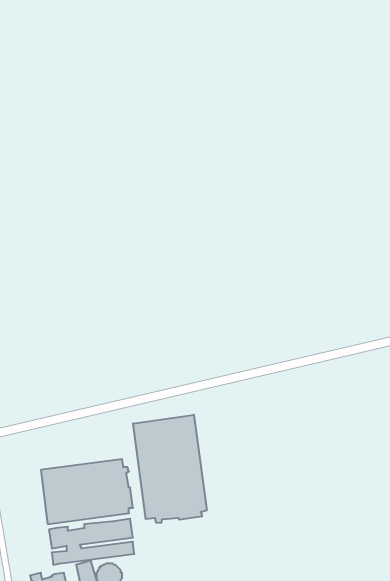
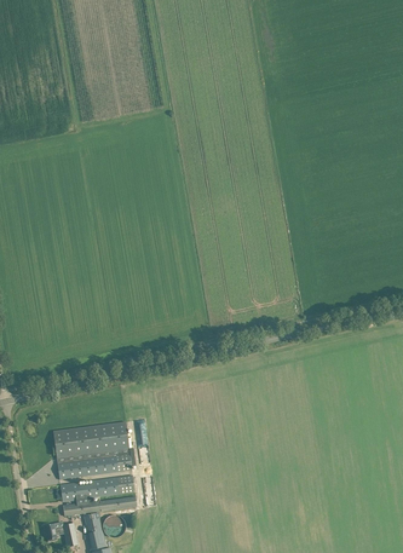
building: [133,415,207,523] -> none

